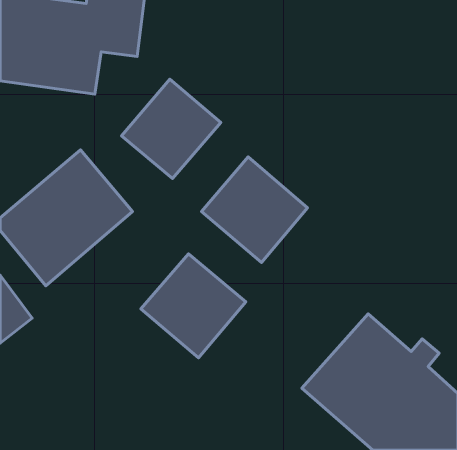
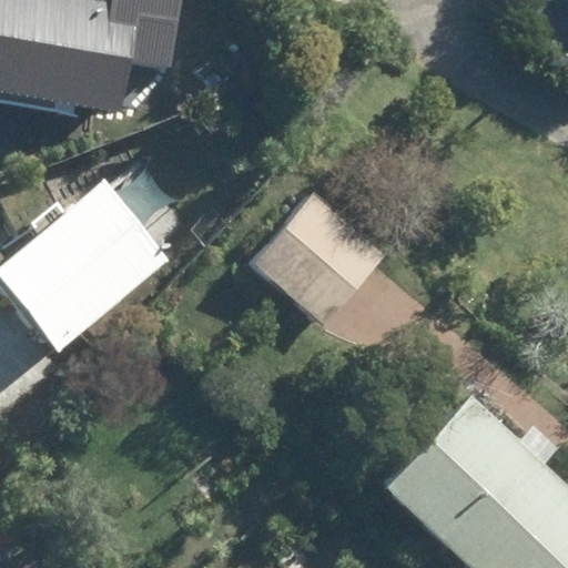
building: [121,79,221,179] -> none
building: [141,254,246,358] -> none

